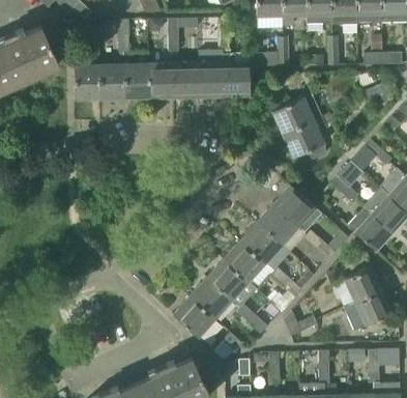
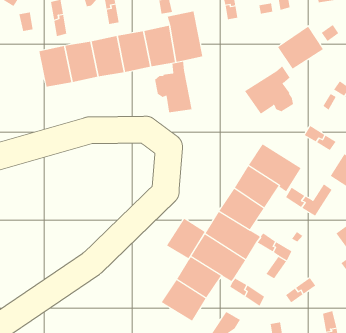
building: [75,64,101,100] -> none
building: none -> [154,61,192,113]
building: [272,96,315,134] -> [277,26,324,69]
building: none -> [166,218,206,259]

